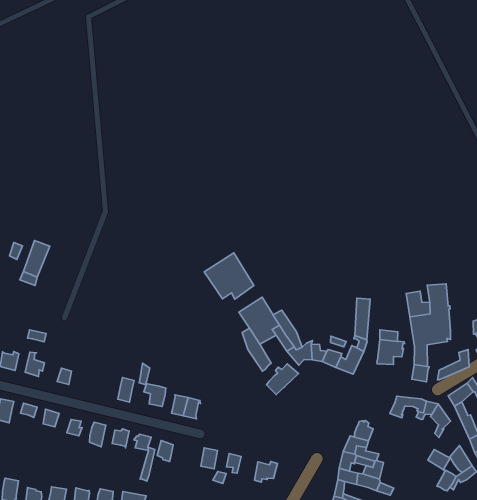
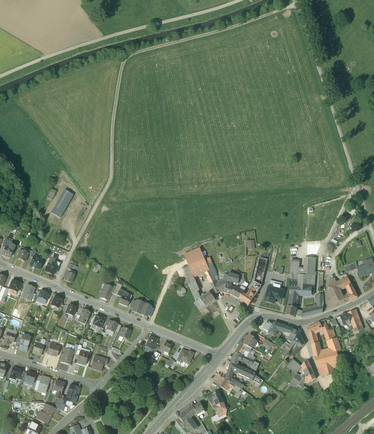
building: [204,253,254,299] -> none

